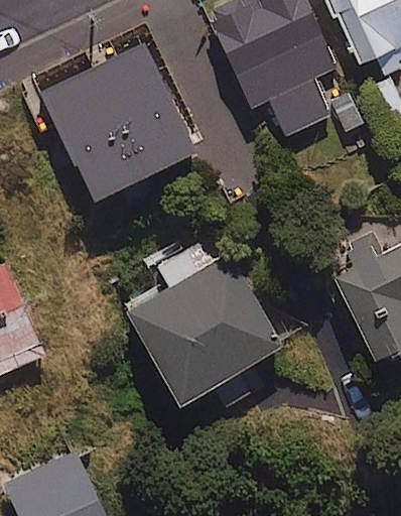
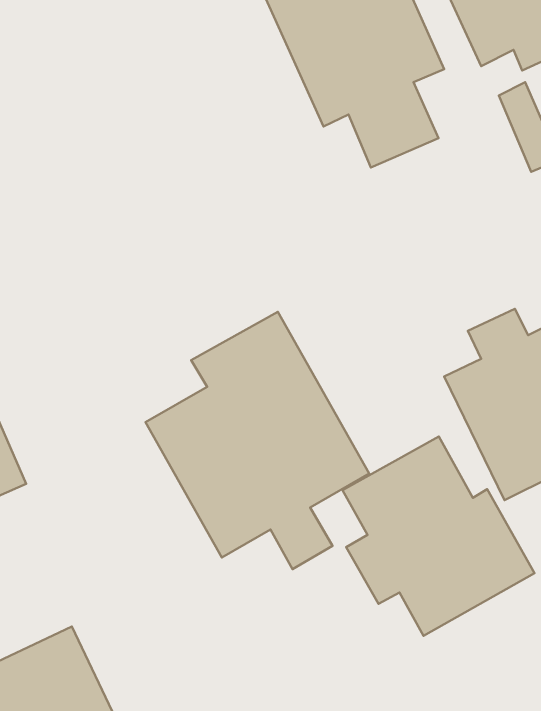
building: [44,40,196,196] -> none
building: none -> [342,437,534,636]

